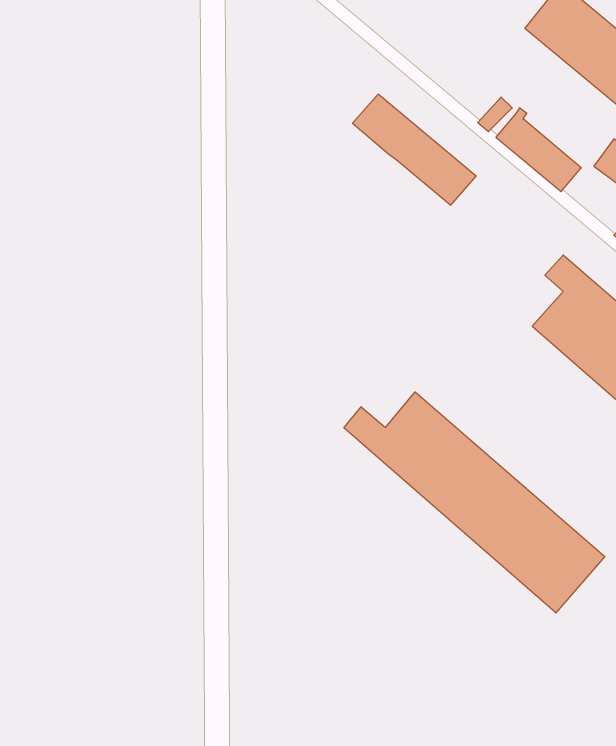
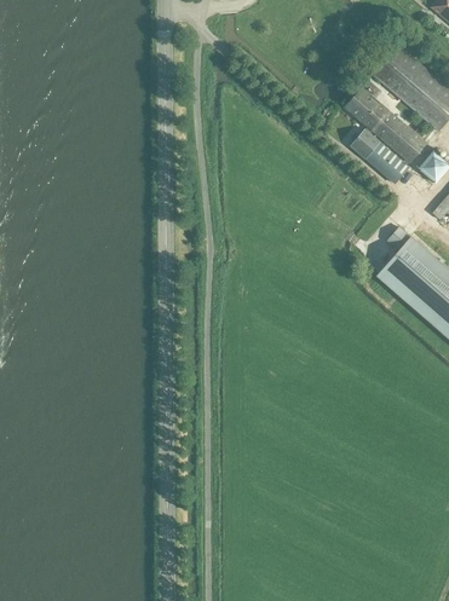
building: [353,94,476,205] -> [344,88,426,162]
building: [344,392,605,613] -> none

